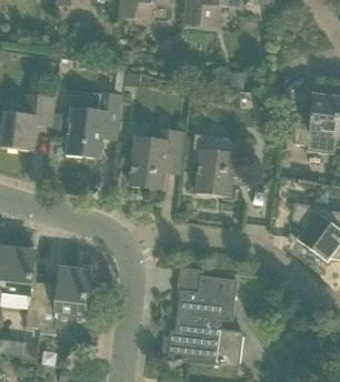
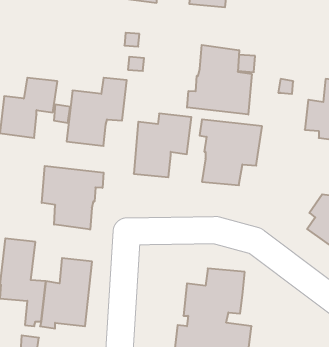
building: none -> [187,45,252,115]
building: none -> [42,166,104,230]

